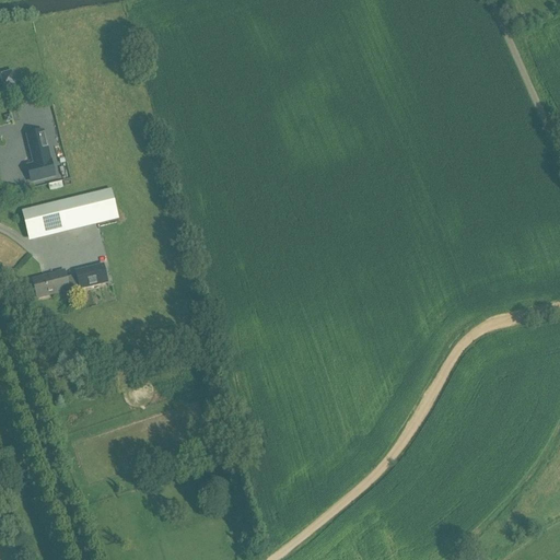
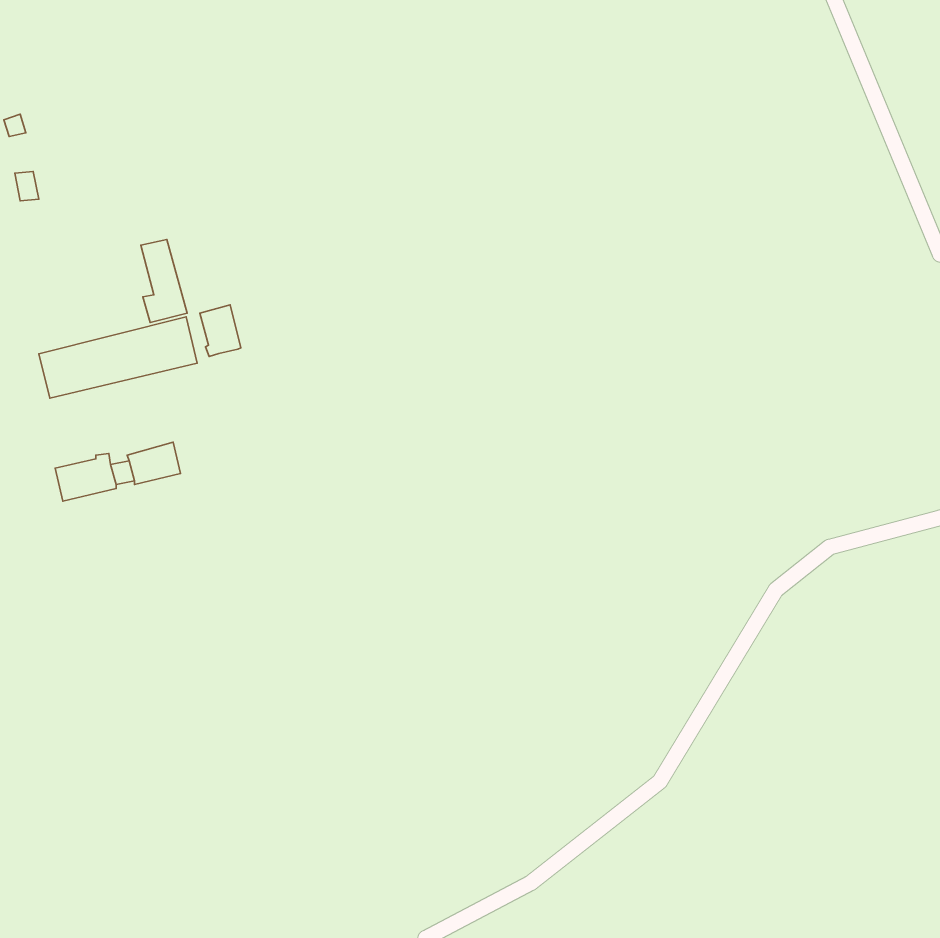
building: [26,131,54,180] -> [141,240,187,323]
building: none -> [200,305,241,357]

